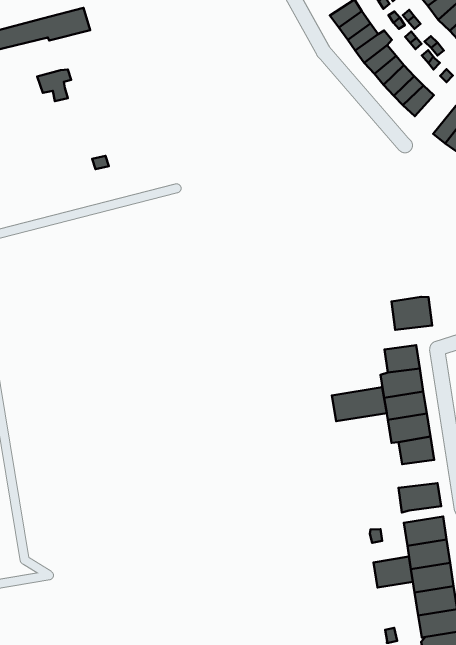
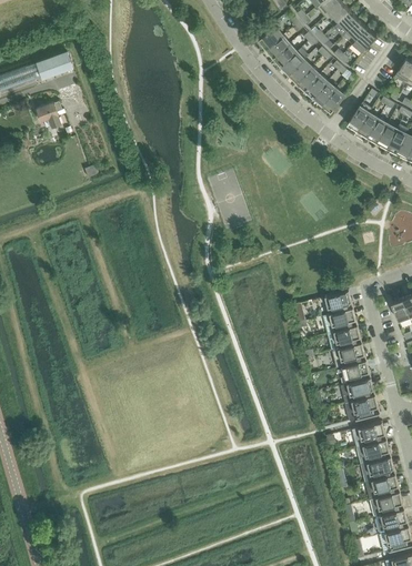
building: [391,297,432,330] -> none
building: [332,387,387,421] -> none
building: none -> [342,378,376,403]
building: [374,557,413,587] -> none

